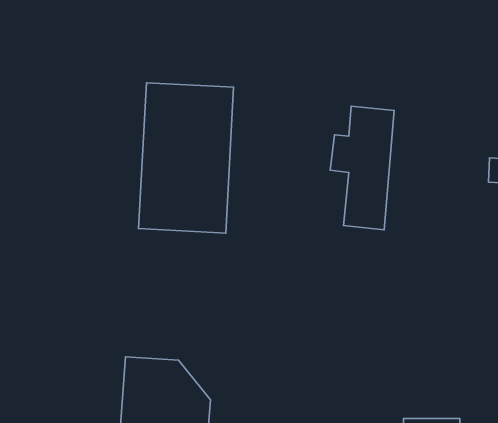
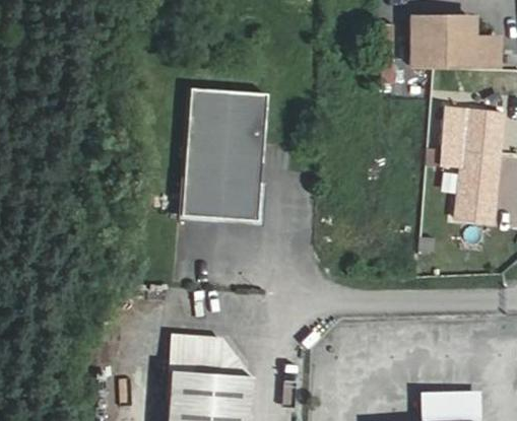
building: none -> [408,16,500,67]
building: [330,106,394,230] -> [445,109,504,222]

